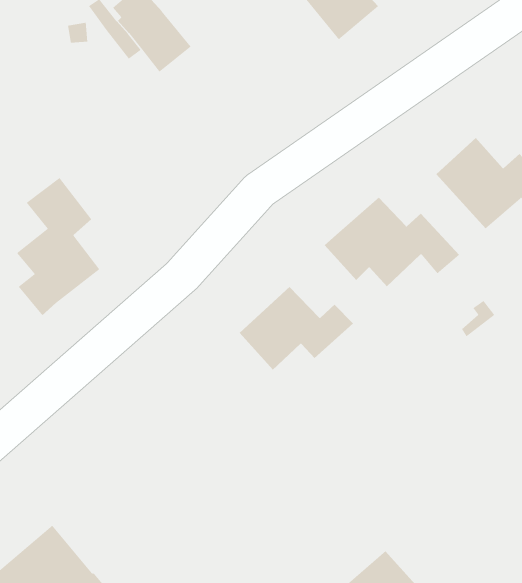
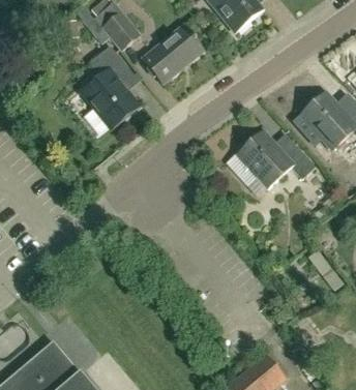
building: none -> [142,24,202,81]
building: [16,177,100,316] -> [82,43,136,132]
building: [239,286,354,370] -> none

